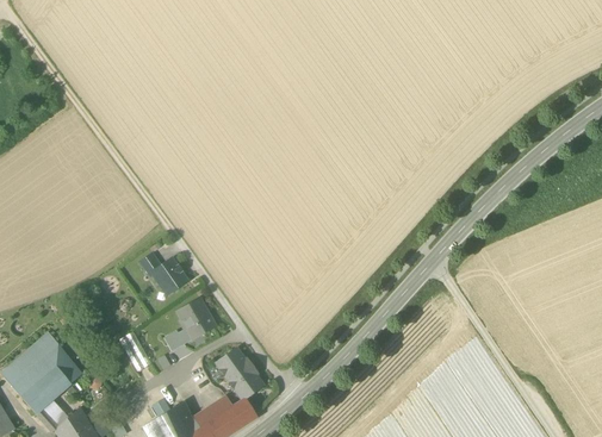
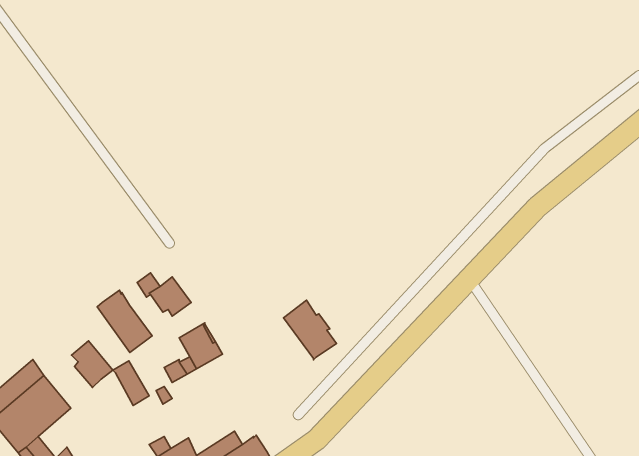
building: none -> [97,290,152,352]
building: none -> [72,341,113,388]
building: [216,348,262,400] -> [284,300,336,360]

